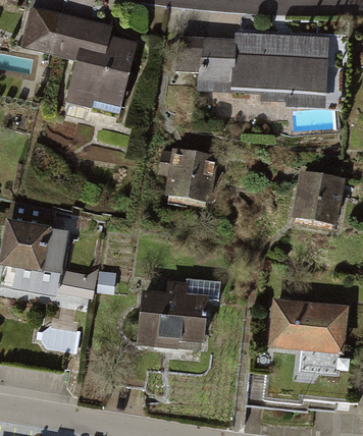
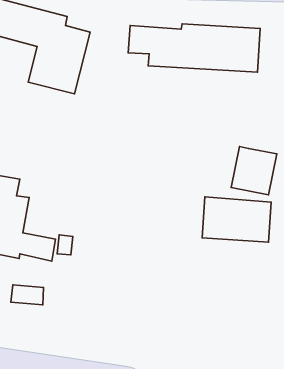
building: [162,149,218,201] -> none
building: [140,279,217,345] -> none
building: [269,296,347,347] -> [202,197,271,242]

